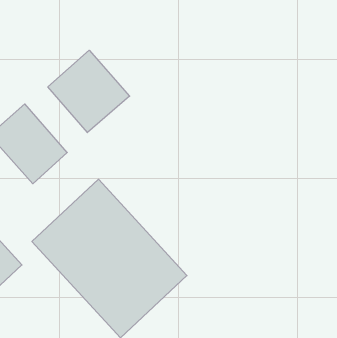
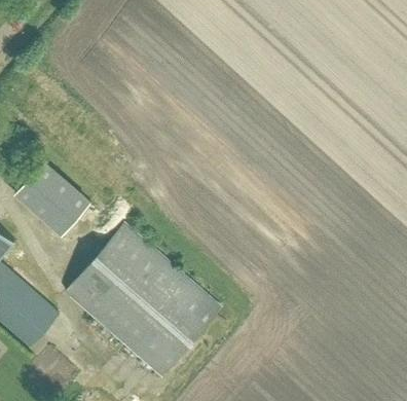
building: [48,50,130,133] -> none

